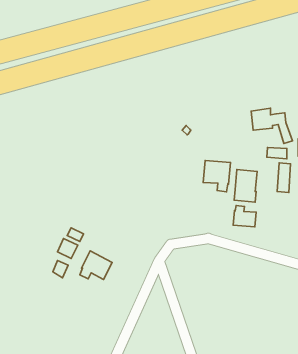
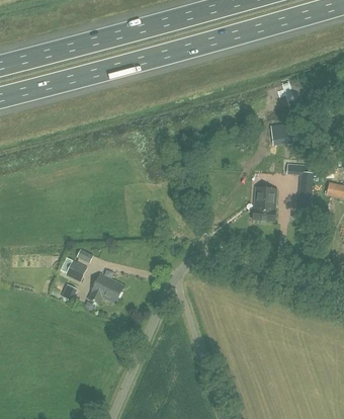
building: [203,161,231,192] -> none
building: [233,205,256,227] -> none

